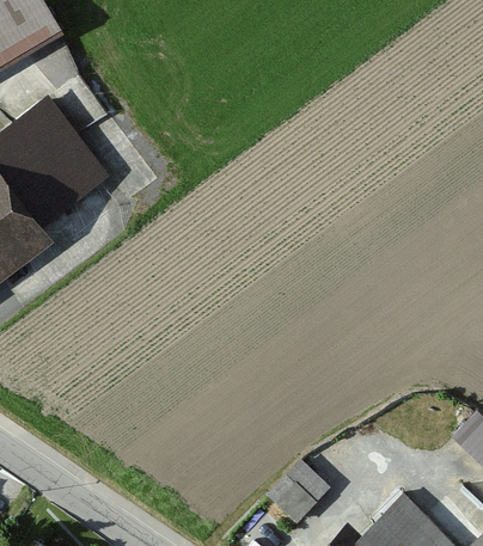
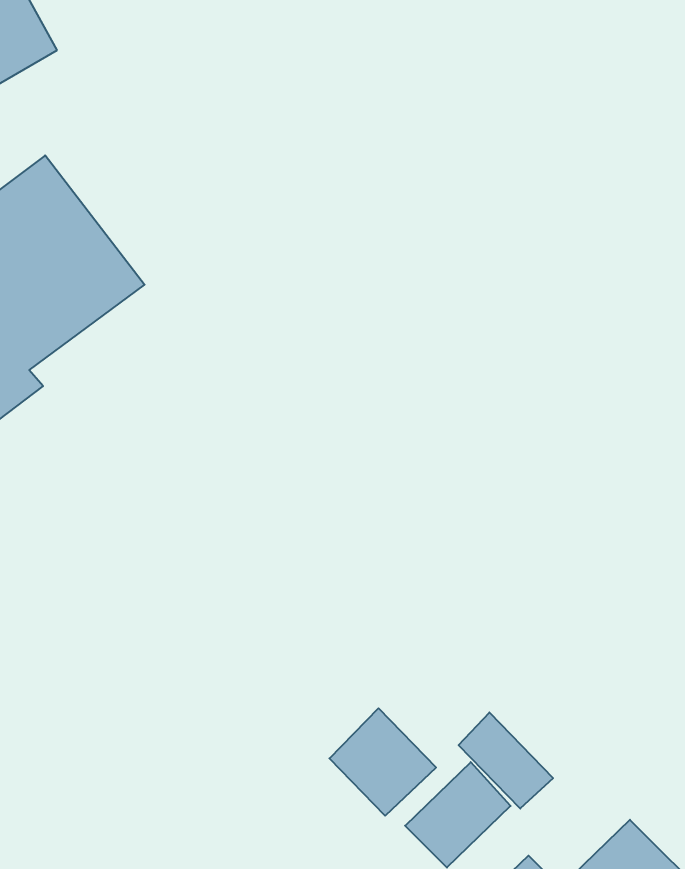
building: none -> [329,708,436,816]
building: none -> [459,712,553,809]

